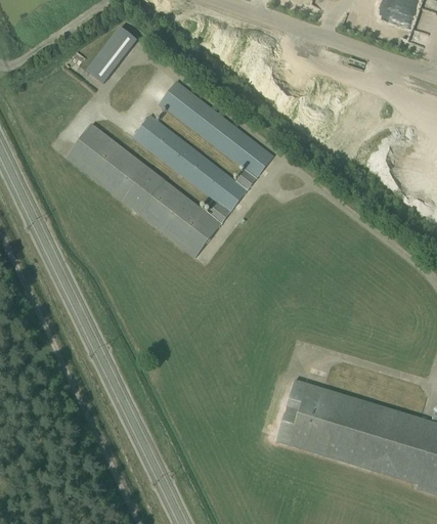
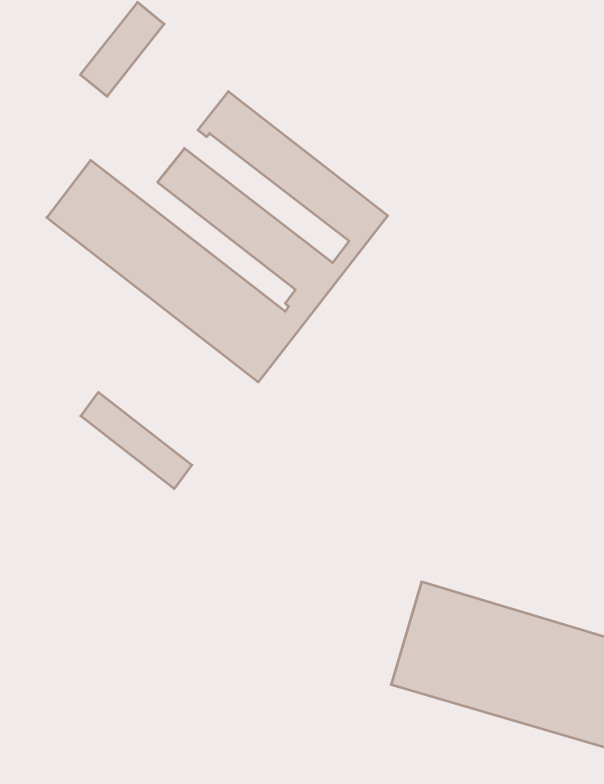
building: none -> [81,392,192,489]

